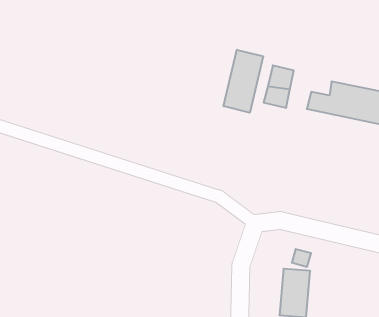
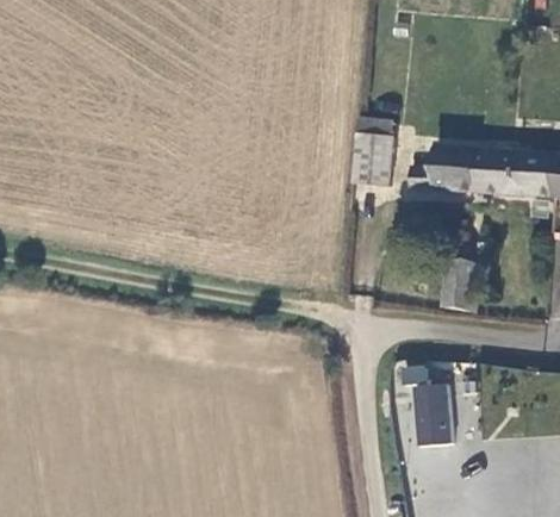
building: [224,50,263,113] -> none
building: none -> [448,254,484,313]

